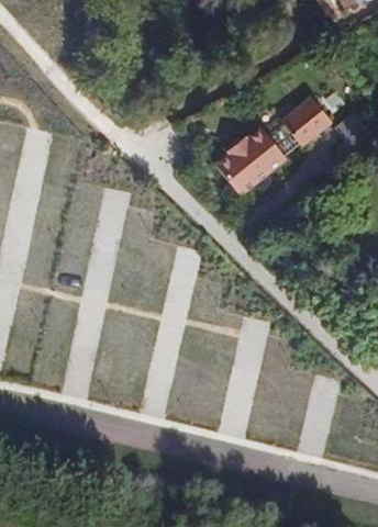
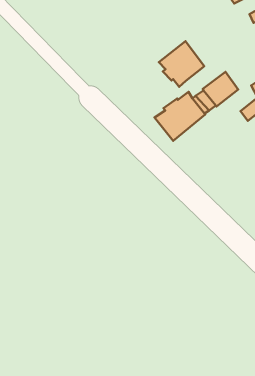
building: none -> [159,41,204,87]

